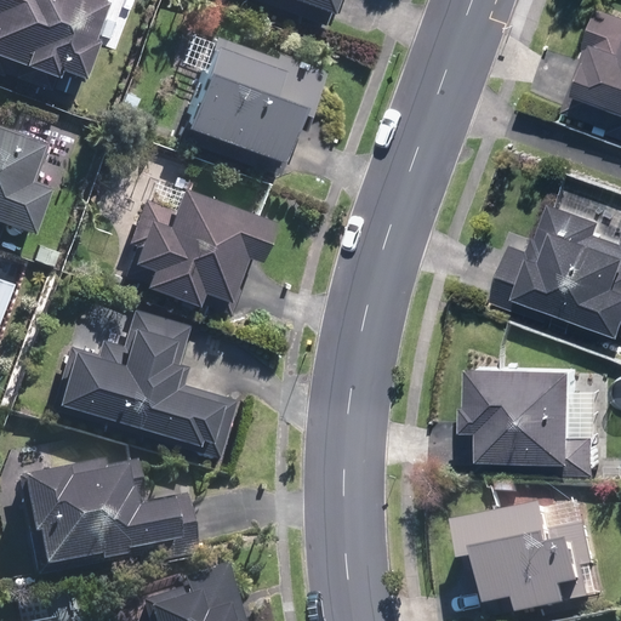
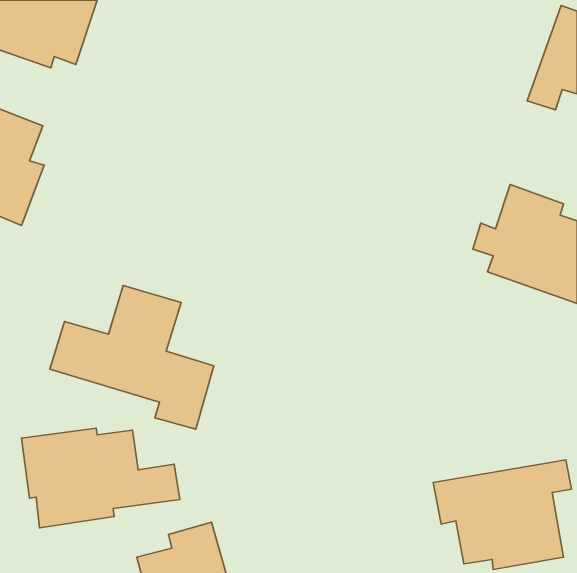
building: [183,39,331,160] -> none
building: [132,187,272,303] -> none
building: [471,364,597,480] -> none

